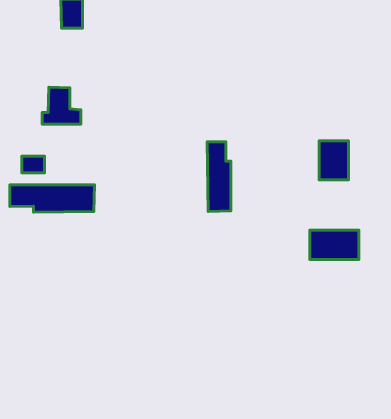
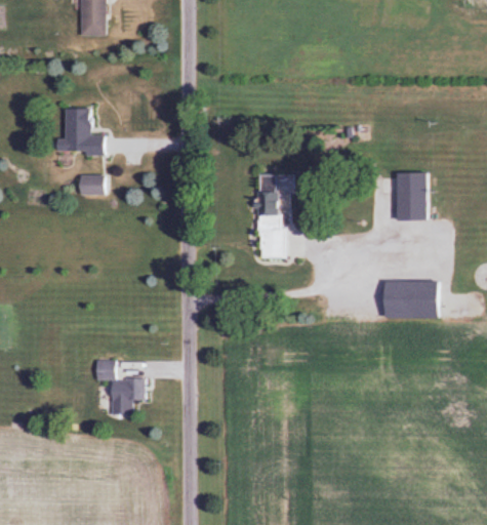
building: [22,156,45,173] -> [79,173,107,194]
building: [10,185,94,212] -> none
building: none -> [96,360,147,413]

